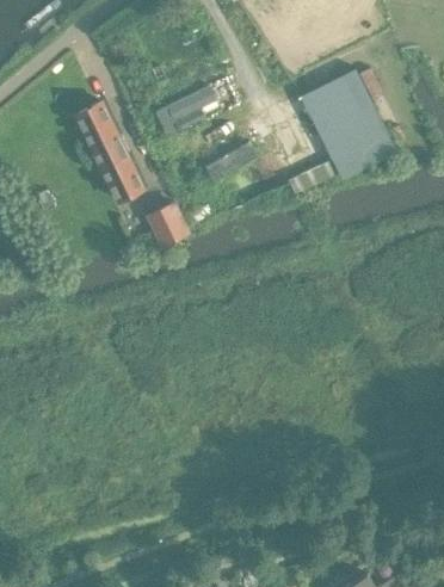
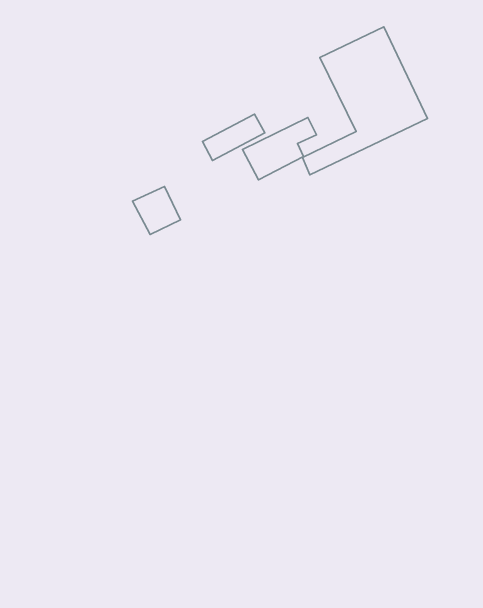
building: [155,87,216,138] -> [242,117,316,180]
building: [76,103,143,200] -> none

